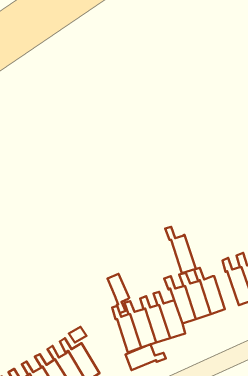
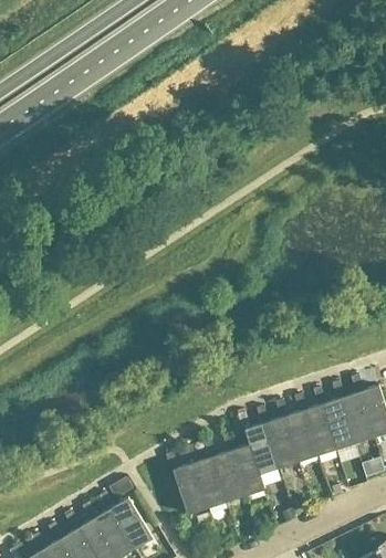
building: [165,227,196,273] -> [295,394,336,456]
building: [108,274,129,313] -> none
building: [126,344,166,370] -> none

